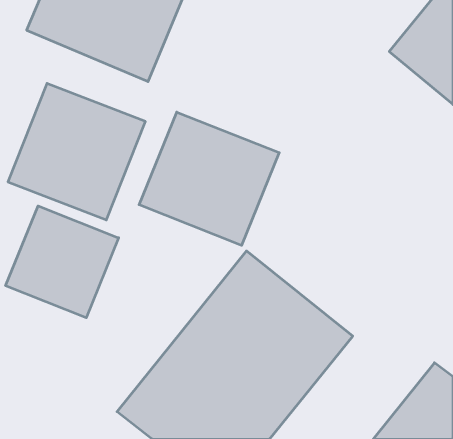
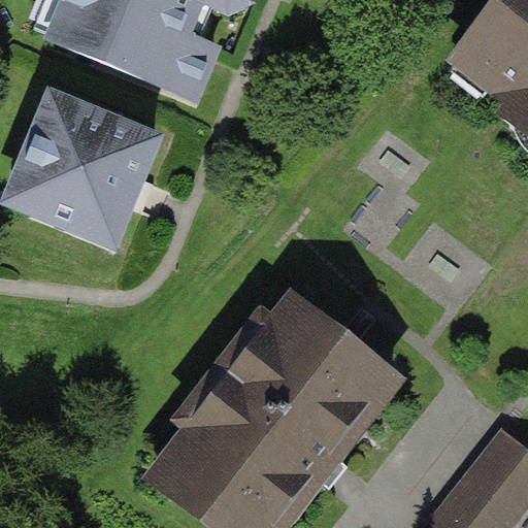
building: [139,112,279,245] -> none
building: [6,206,119,318] -> none

